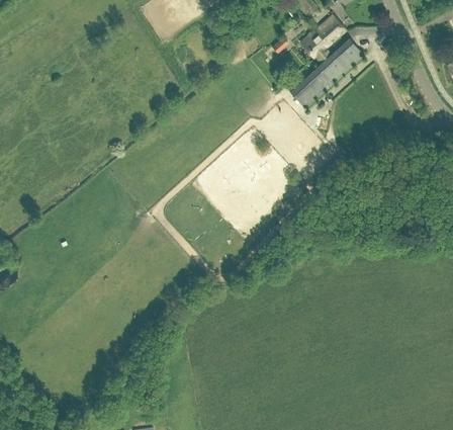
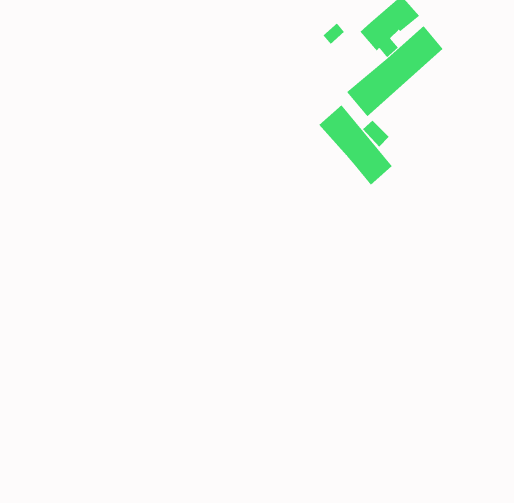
building: none -> [319,104,393,185]

